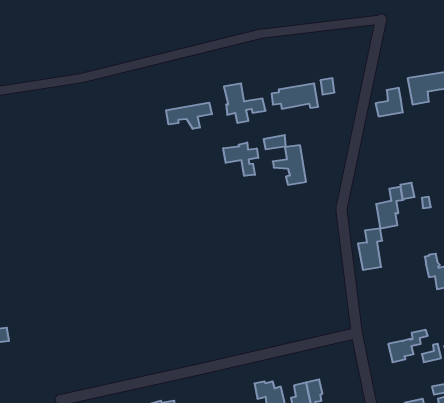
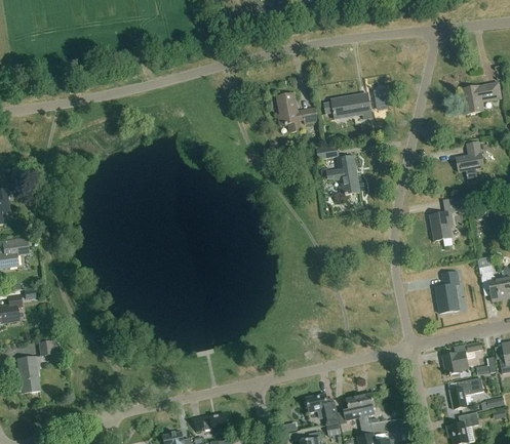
building: [376,88,403,116] -> [456,142,483,170]
building: [166,103,212,129] -> none
building: [223,142,258,176] -> none
building: [358,228,382,270] -> [435,271,460,313]
building: none -> [450,376,483,408]

